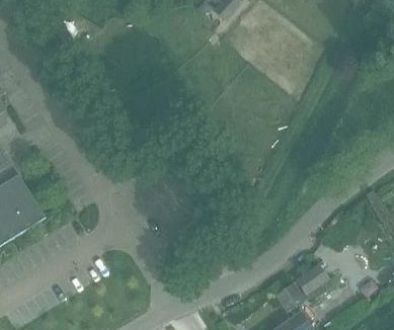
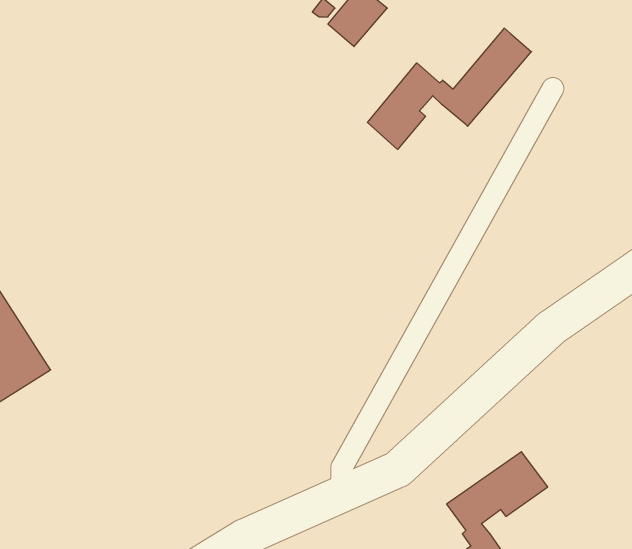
building: none -> [367,28,532,149]

